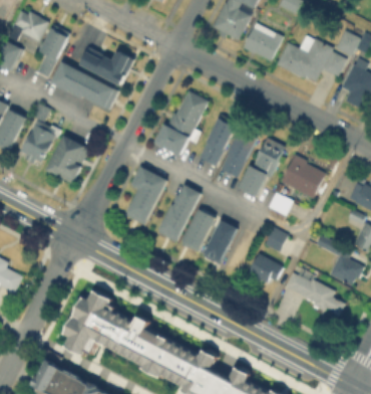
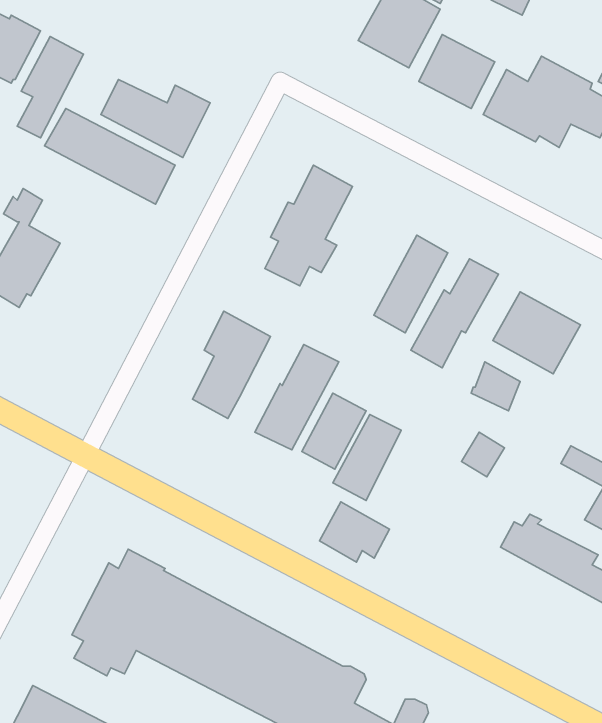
building: [198,117,238,169] -> none
building: [45,135,90,184] -> none
building: [247,253,283,284] -> [319,502,390,562]

